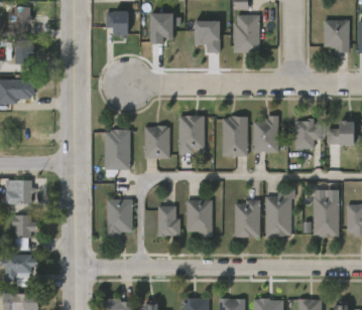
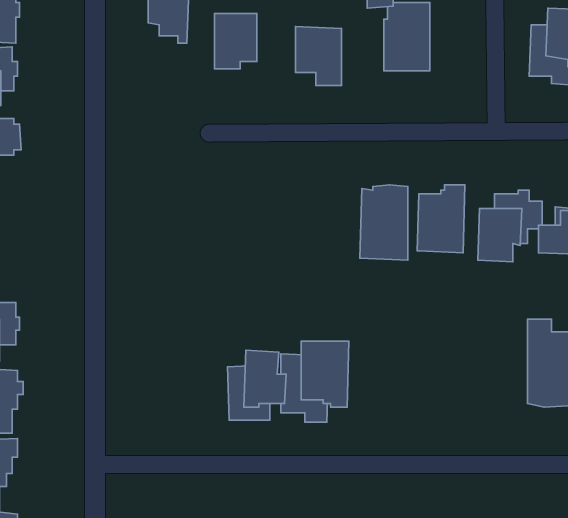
building: [178,114,207,155] -> none
building: [144,124,170,157] -> none
building: [105,127,131,168] -> none
building: [266,195,292,236] -> none
building: [235,198,260,235] -> none
building: [109,199,136,237] -> none

